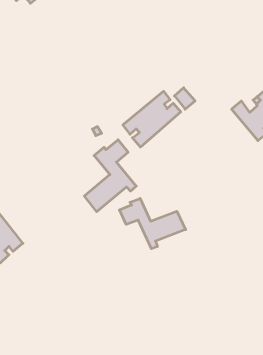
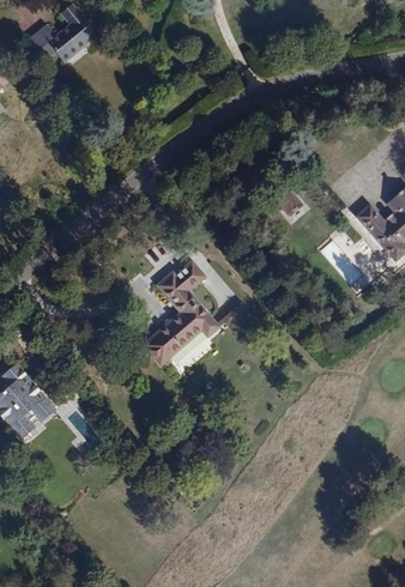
building: [123,91,181,147] -> none
building: [119,198,186,249] -> none

